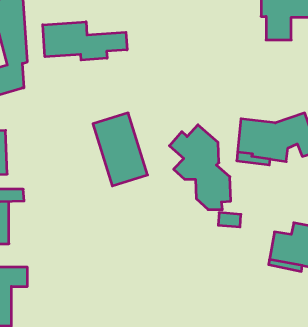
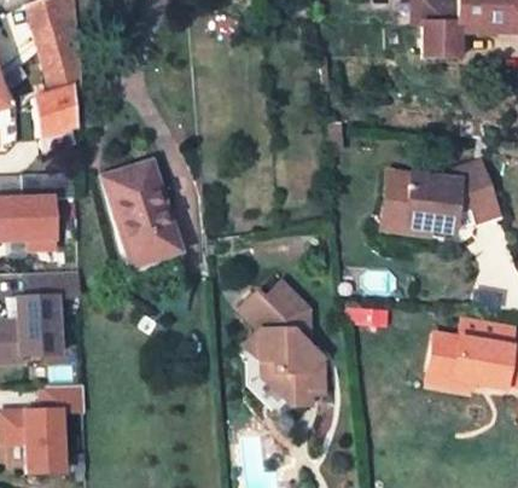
building: [43,22,127,60] -> none
building: [93,113,148,186] -> [104,162,182,267]
building: [169,125,231,210] -> [238,281,326,403]

